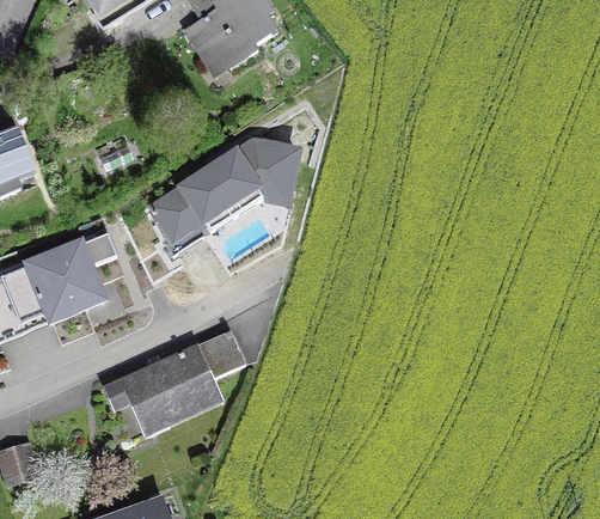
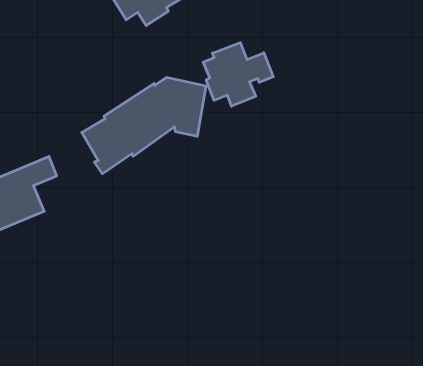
building: none -> [203,43,273,106]
building: [103,331,244,429] -> none

